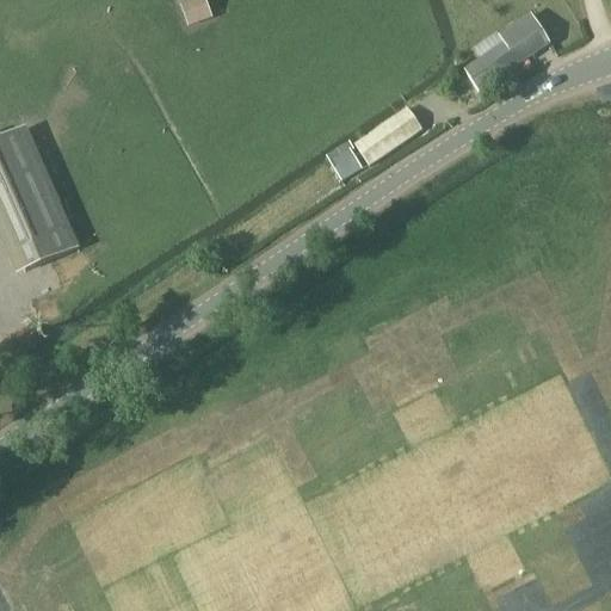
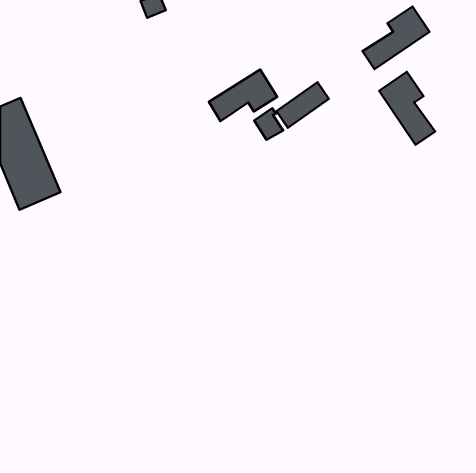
building: none -> [209,70,277,121]
building: none -> [379,72,435,145]

